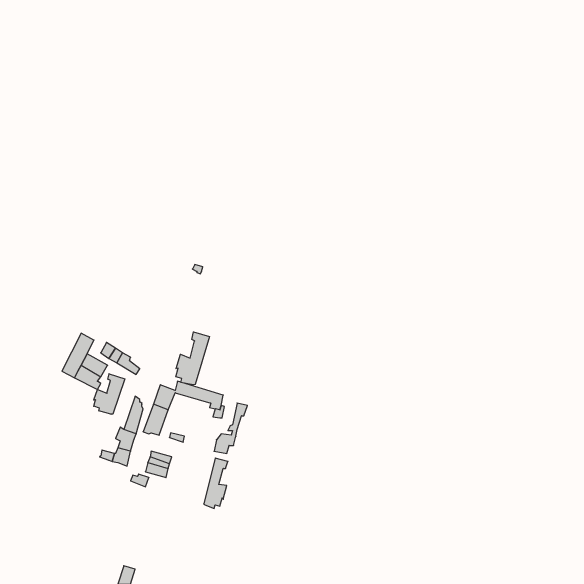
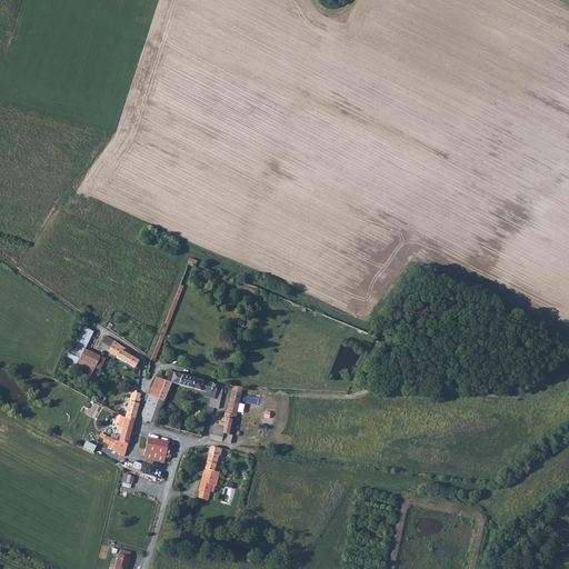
building: [176,332,210,385] -> none
building: [94,374,125,414] -> none

